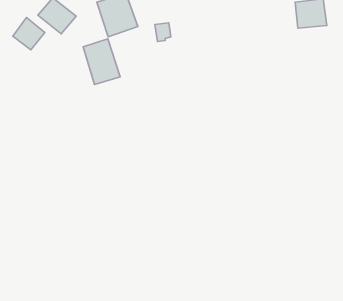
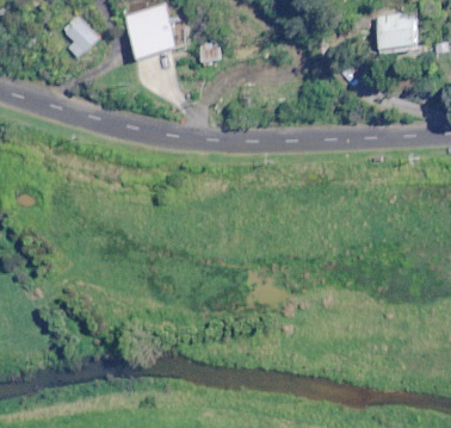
building: [13,17,45,50] -> none
building: [83,39,120,85] -> none

